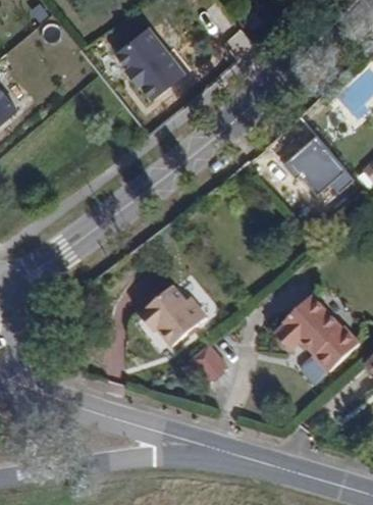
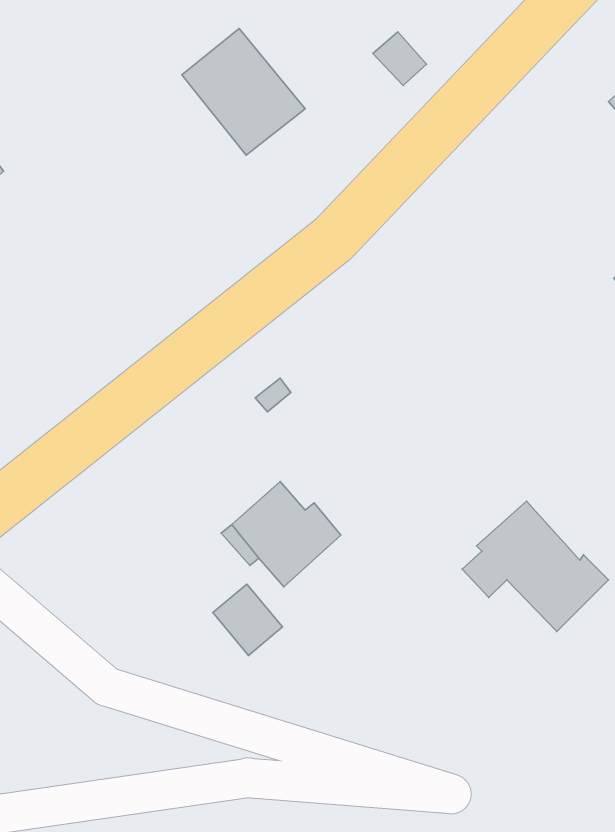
building: [280,134,351,191] -> none
building: [188,343,227,384] -> [213,584,282,655]

